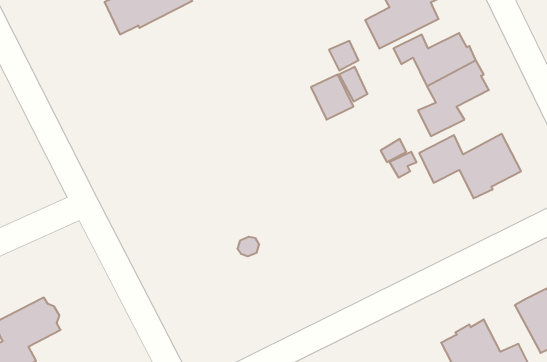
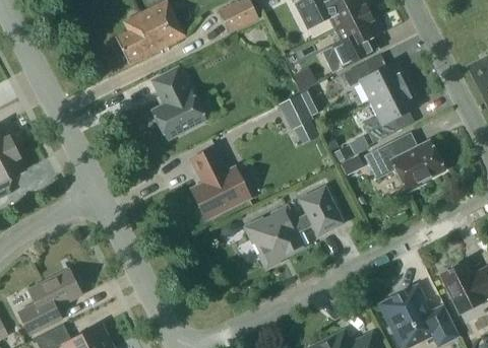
building: none -> [152,67,205,139]
building: none -> [191,147,249,218]
building: none -> [245,186,344,268]

